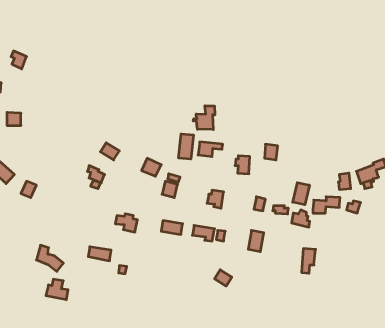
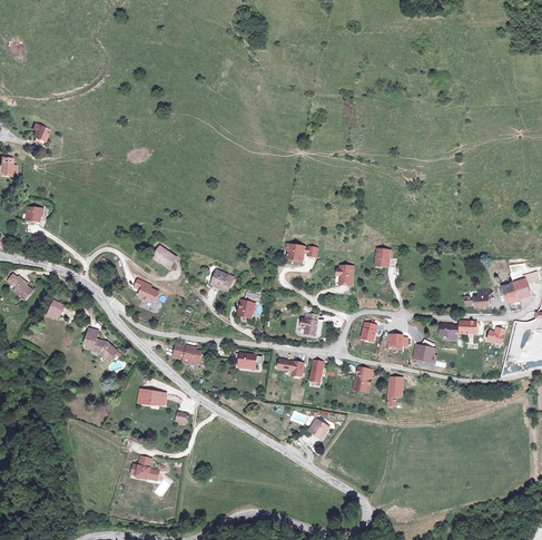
building: [193,106,215,130] -> none
building: [179,134,193,159] -> none
building: [293,183,309,205] -> none
building: [36,245,63,271] -> [82,326,119,362]
building: [302,249,316,273] -> [387,376,406,410]
building: [46,279,68,300] -> [129,454,159,482]

